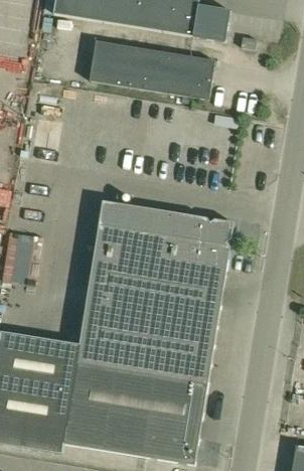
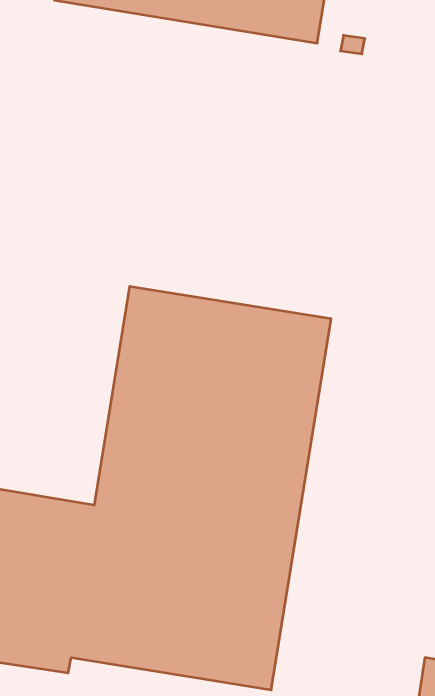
building: [89,41,214,101] -> none

